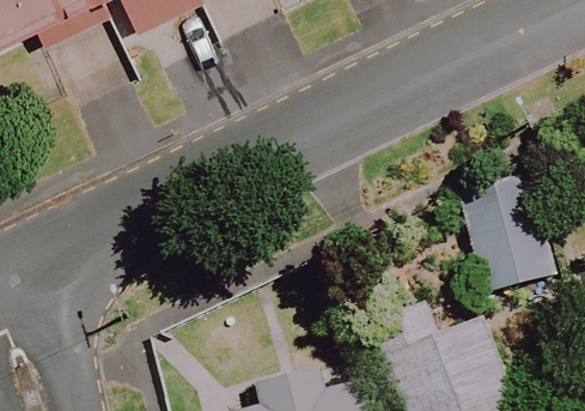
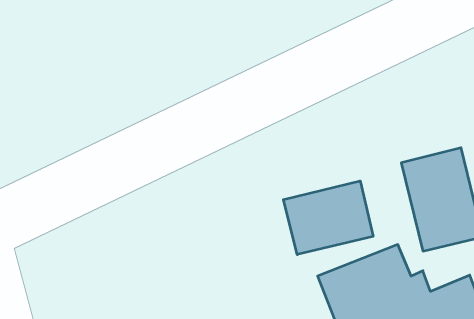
building: none -> [283,181,373,255]

